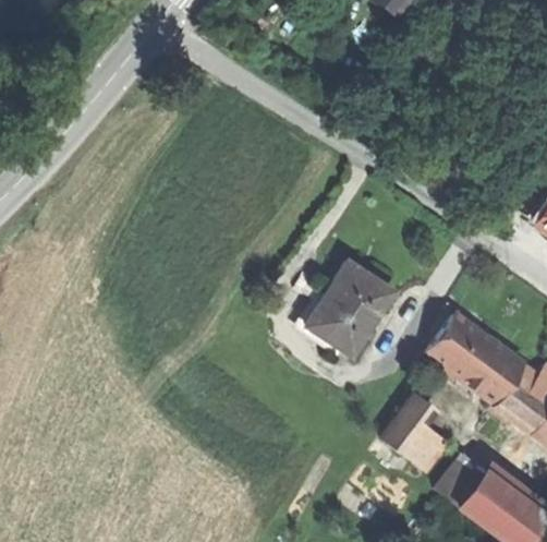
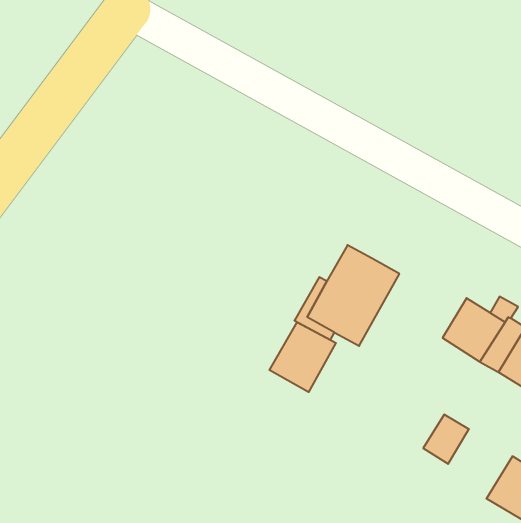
building: none -> [269,322,336,392]
building: [381,395,435,454] -> none
building: [436,451,485,505] -> none

